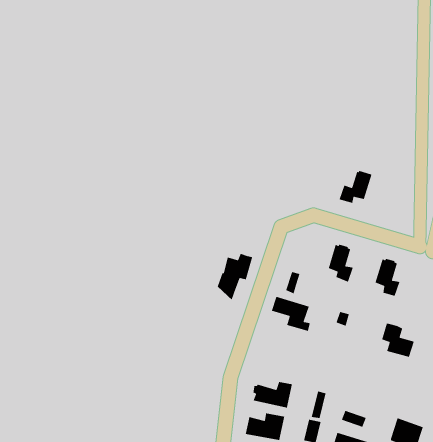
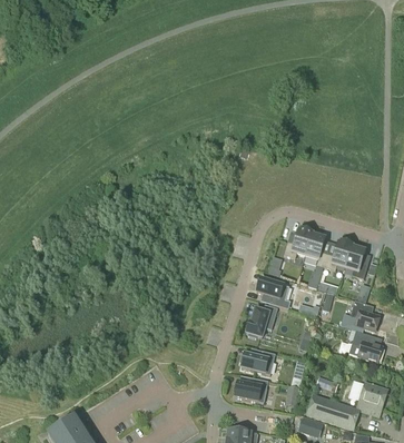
building: [339,170,372,204] -> [283,227,312,256]
building: none -> [323,239,352,268]
building: [217,253,253,301] -> [245,304,276,345]
building: none -> [348,329,383,361]

